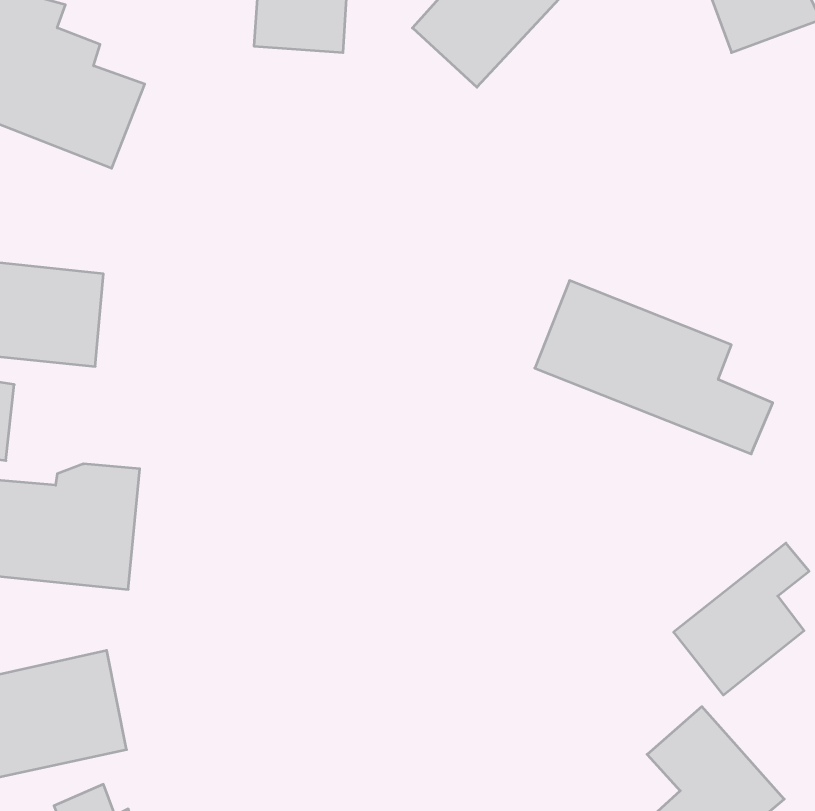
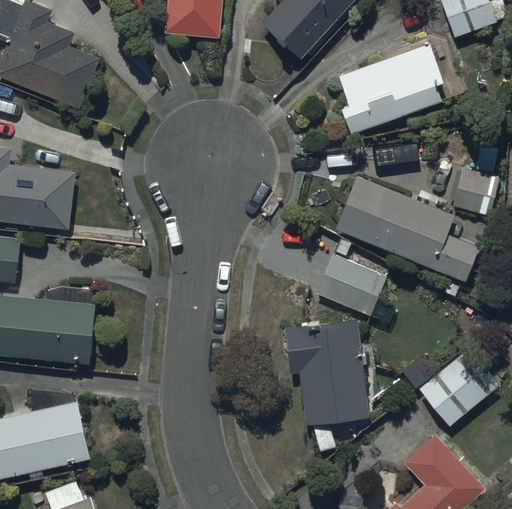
building: none -> [338,43,451,135]
building: none -> [453,170,499,216]
building: none -> [315,253,387,317]
building: none -> [283,317,370,424]

